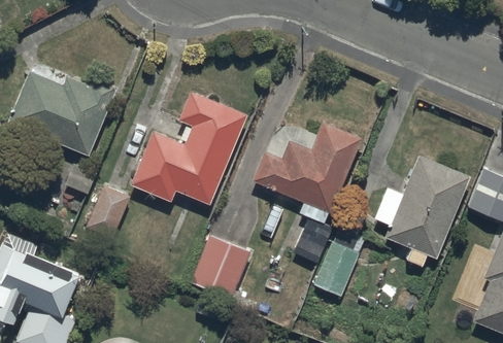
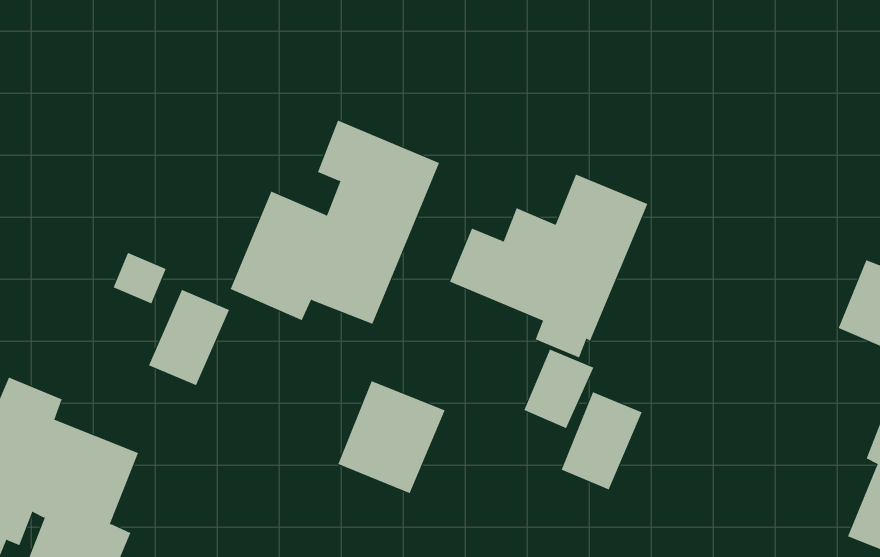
building: [7,71,118,157] -> none
building: [384,156,470,267] -> none

